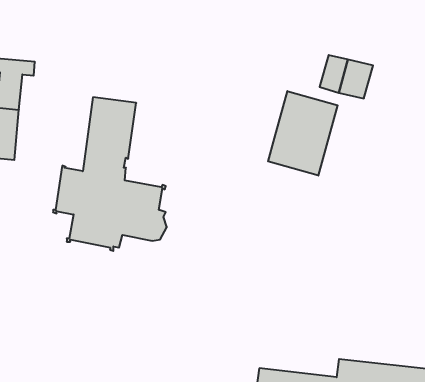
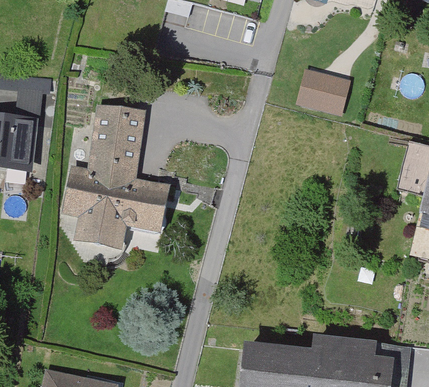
building: [268,91,338,176] -> none

